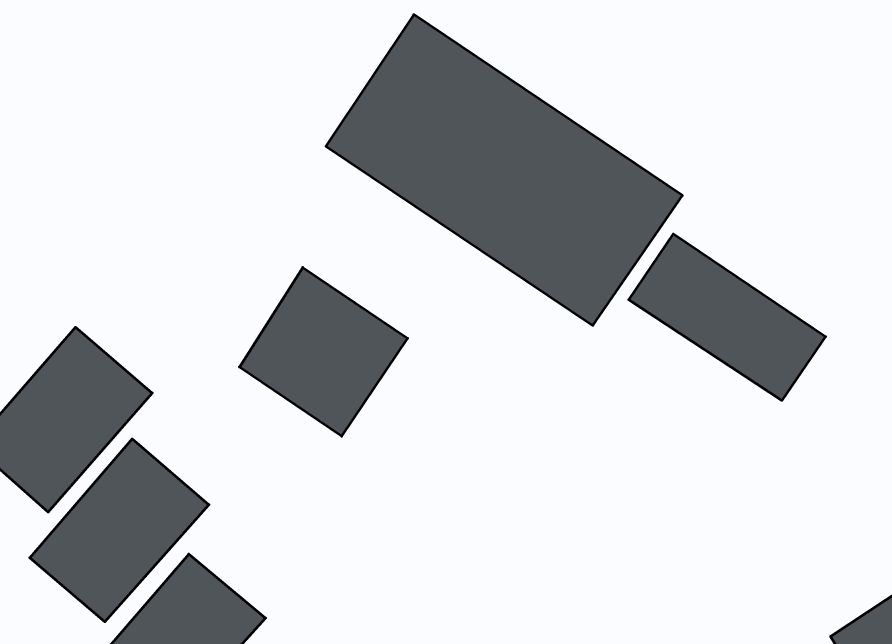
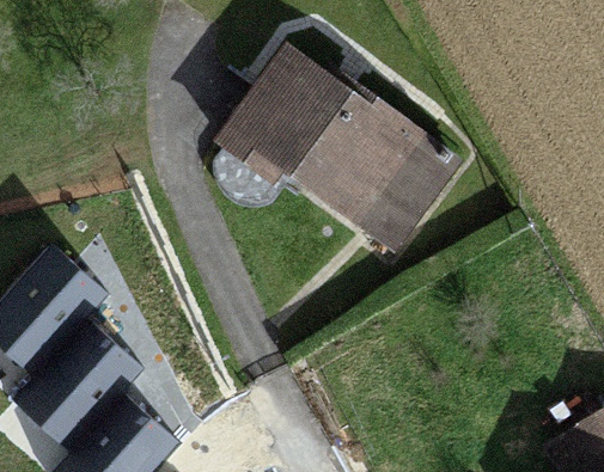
building: [629,234,826,400] -> none
building: [239,267,408,436] -> none

